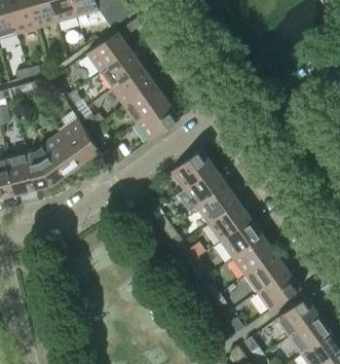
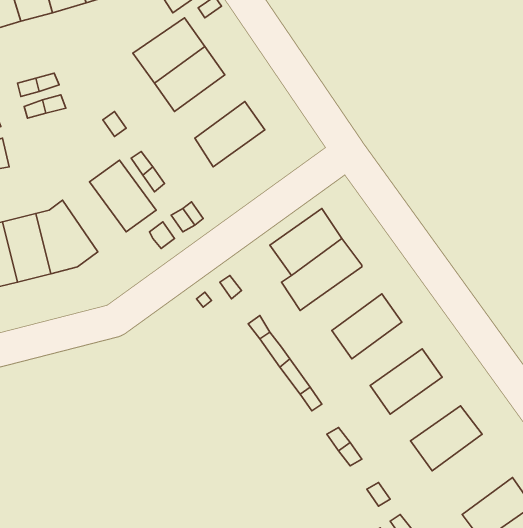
building: [111,67,154,106] -> none
building: [135,101,179,141] -> none
building: [42,133,81,176] -> none
building: [195,185,238,224] -> none
building: [220,219,263,258] -> none
building: [243,253,287,292] -> none
building: [274,296,318,337] -> none

